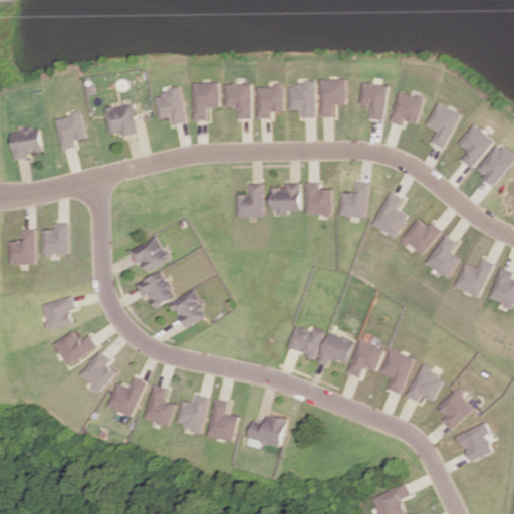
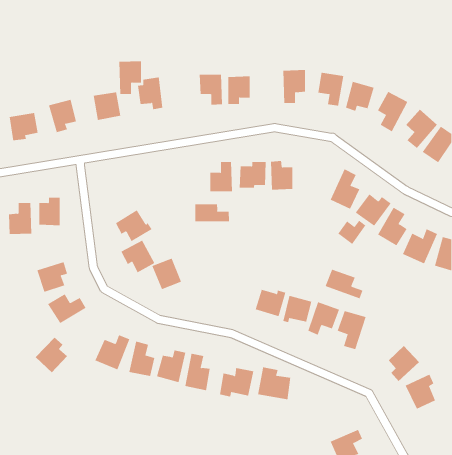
building: [287,81,314,118] -> none
building: [192,82,218,120] -> [119,61,142,95]
building: [338,181,368,218] -> none
building: none -> [195,204,230,222]
building: none -> [338,220,366,245]
building: none -> [325,269,363,299]
building: [79,351,116,393] -> [35,337,68,373]
building: [405,366,443,403] -> none
building: none -> [257,366,291,400]

